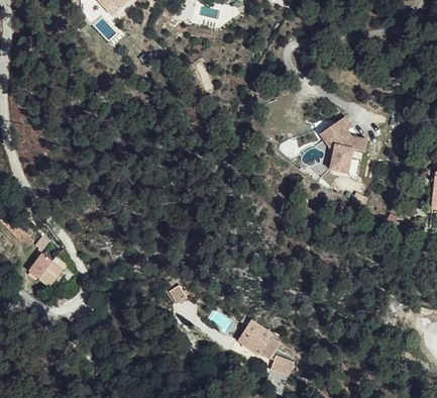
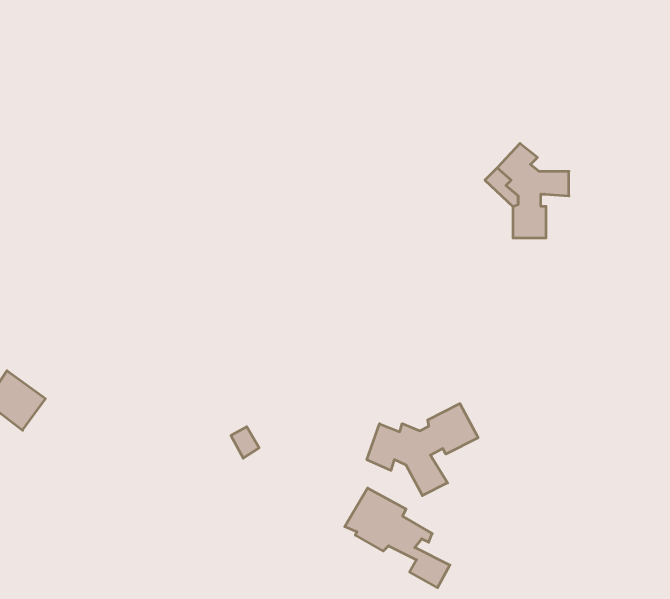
building: none -> [367,404,478,496]

